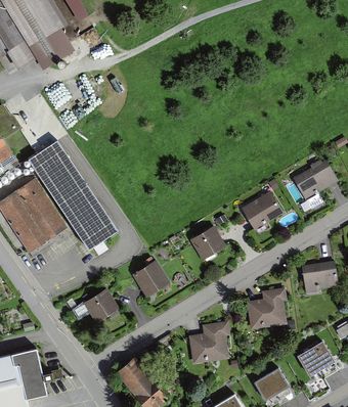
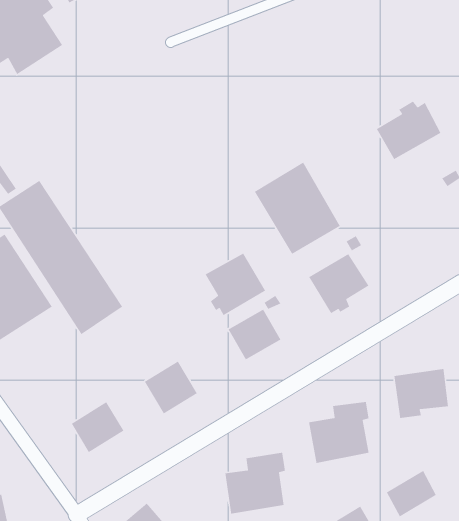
building: none -> [254,162,341,255]
building: [295,159,340,199] -> [376,100,442,160]
building: none -> [205,253,266,316]

